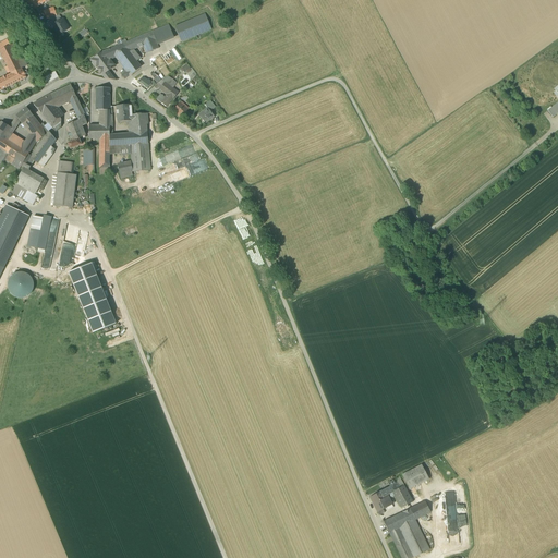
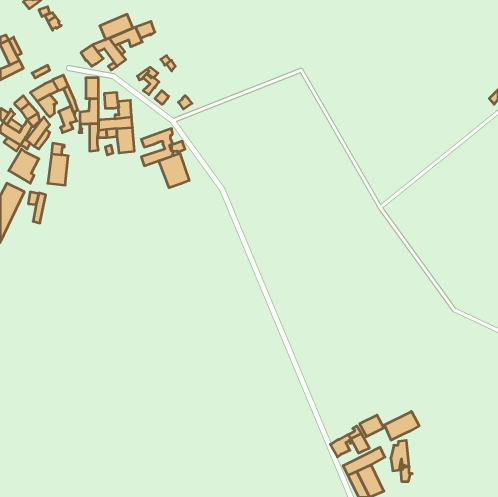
building: [174,13,211,41] -> [100,14,133,40]
building: none -> [159,153,189,188]
building: [69,263,116,332] -> none
building: [8,271,34,298] -> none
building: none -> [384,411,419,440]

